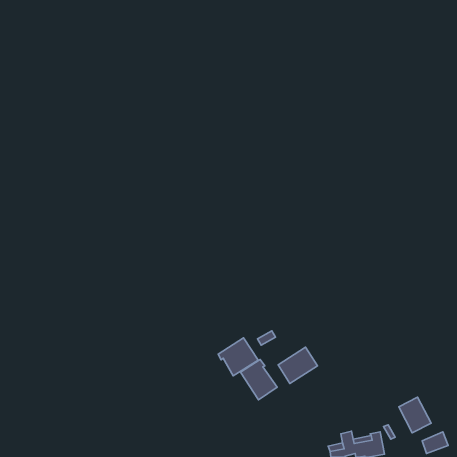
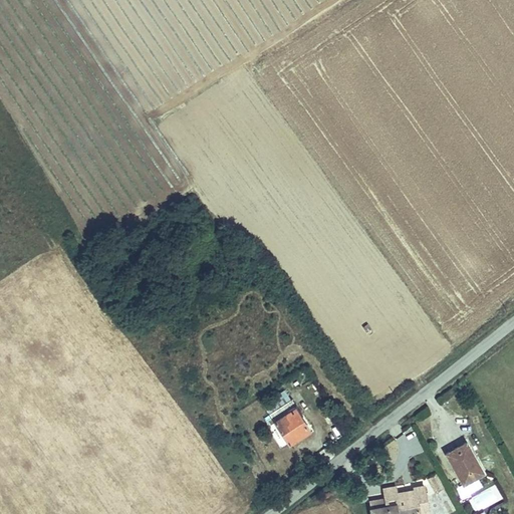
building: [218,338,258,376] -> none
building: [278,347,317,383] -> none

